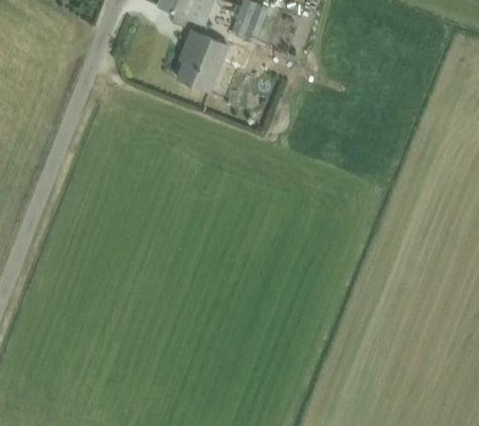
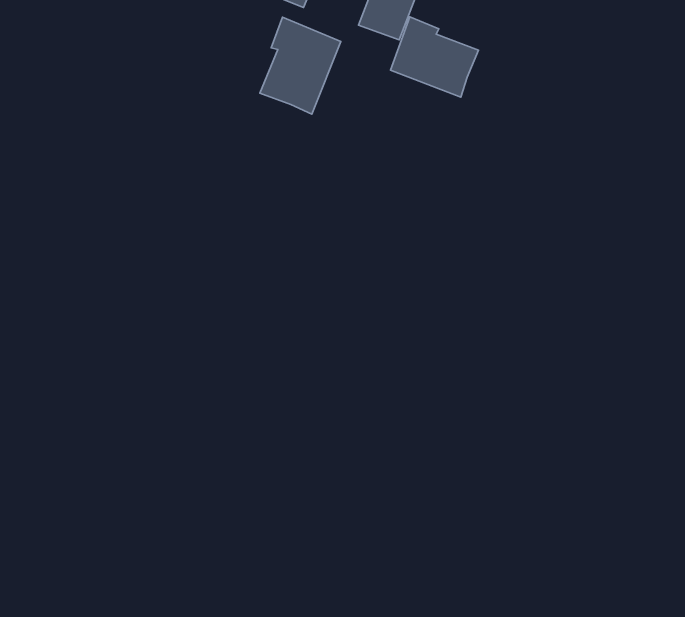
building: none -> [390,17,478,97]

